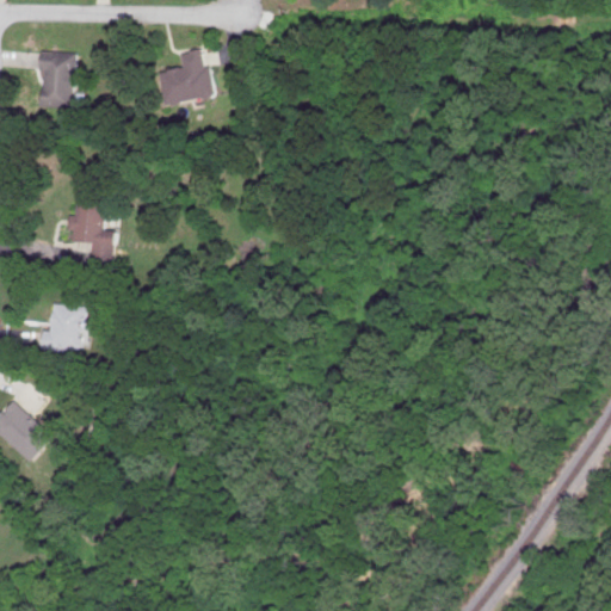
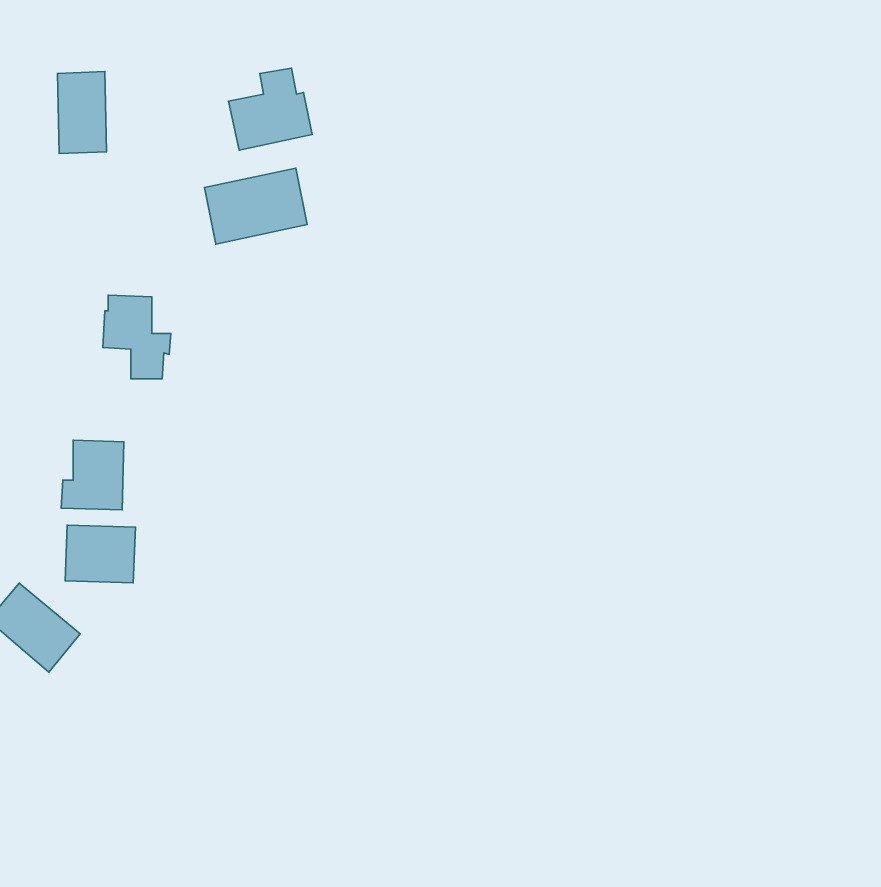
building: none -> [204,168,307,244]
building: none -> [65,525,135,583]

